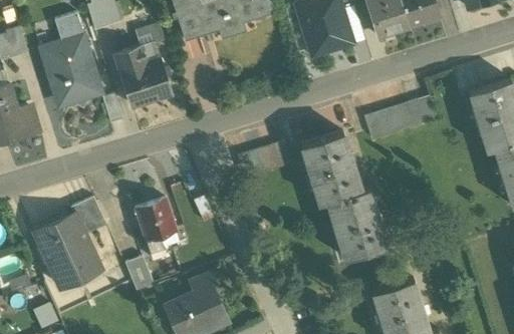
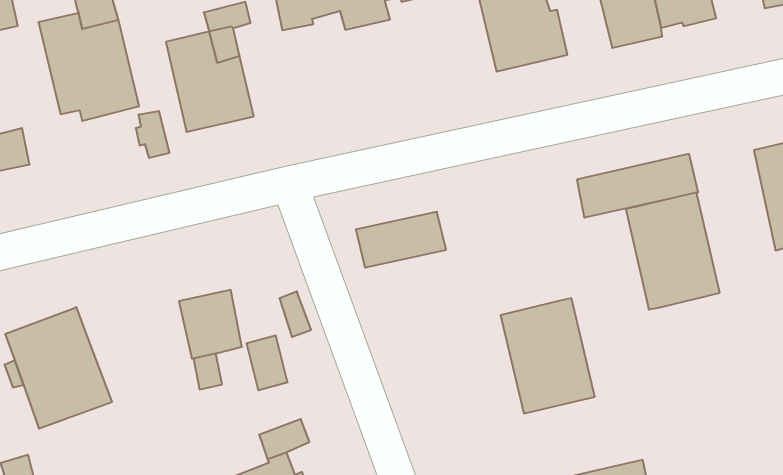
building: [300,130,359,202] -> [626,192,720,310]
building: [68,195,106,234] -> none
building: [126,255,153,288] -> [246,335,288,390]

